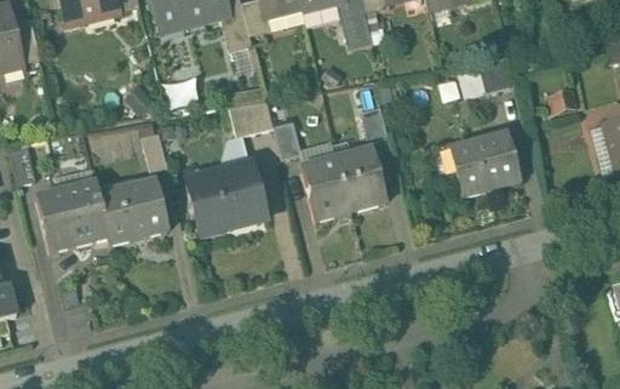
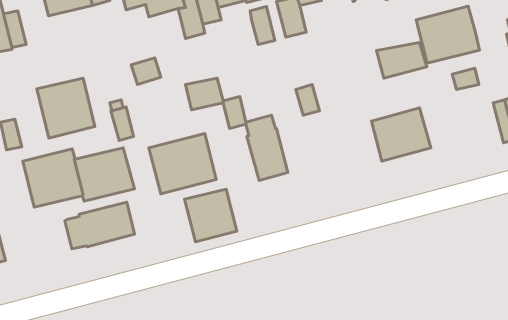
building: none -> [416,6,480,63]
building: none -> [250,7,275,45]
building: none -> [37,78,95,138]
building: [337,150,385,211] -> none
building: none -> [185,189,237,242]
building: none -> [65,202,134,249]

